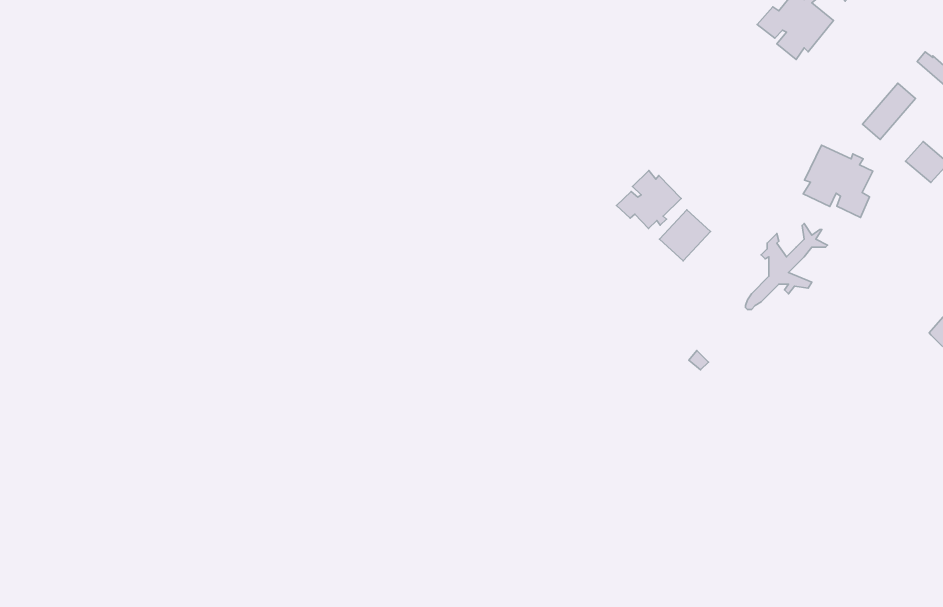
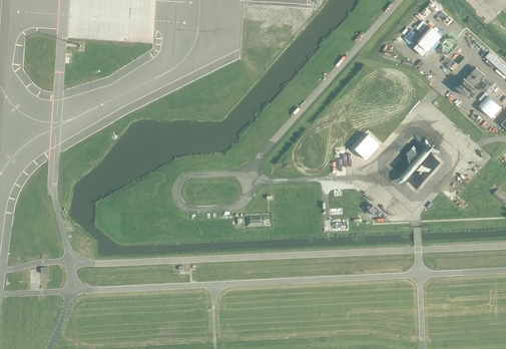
building: [803,145,873,218] -> none
building: [616,170,681,229] -> none

